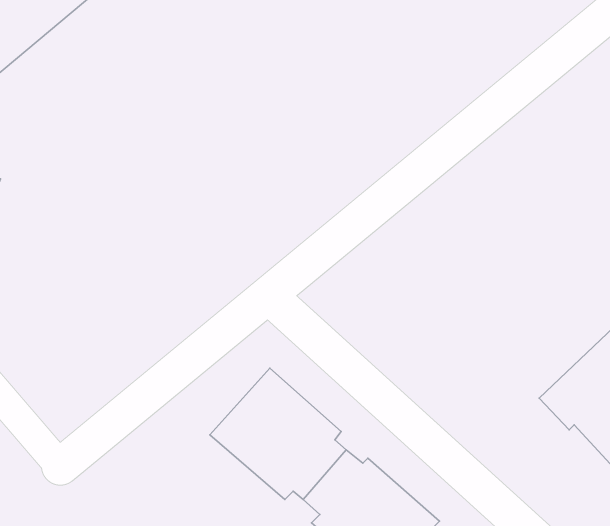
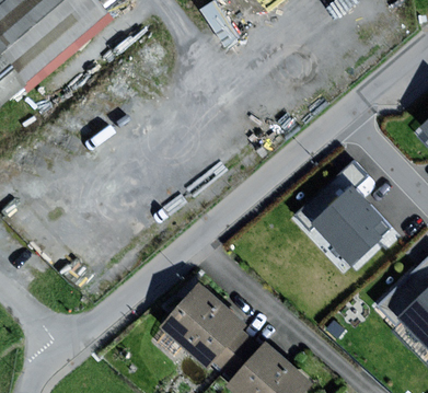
building: none -> [316,185,387,257]

